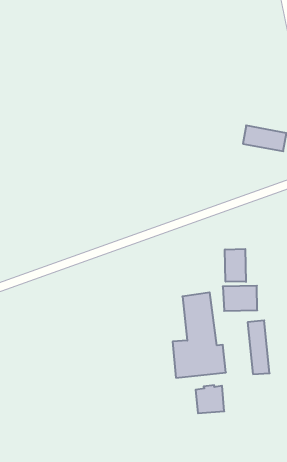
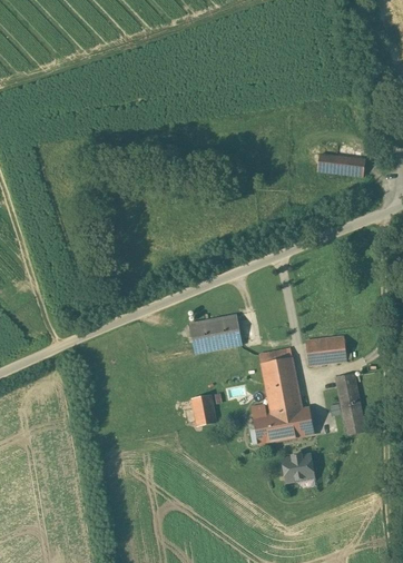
building: [225,249,246,282] -> none
building: none -> [187,312,242,354]
building: none -> [190,393,216,426]

